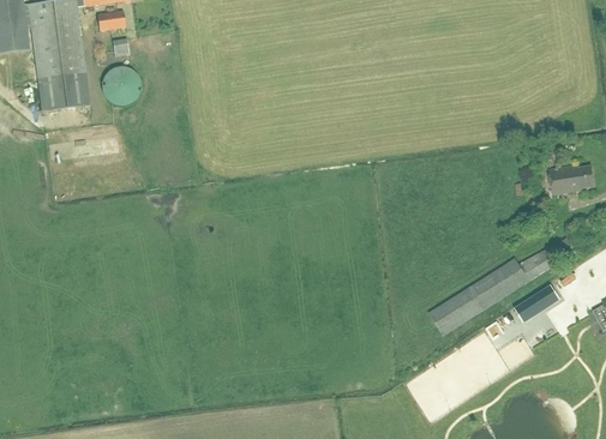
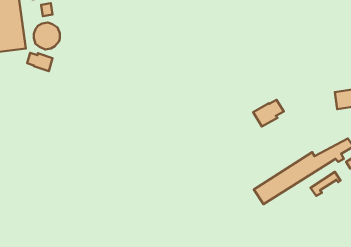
building: none -> [27,53,53,71]
building: none -> [253,100,284,127]

